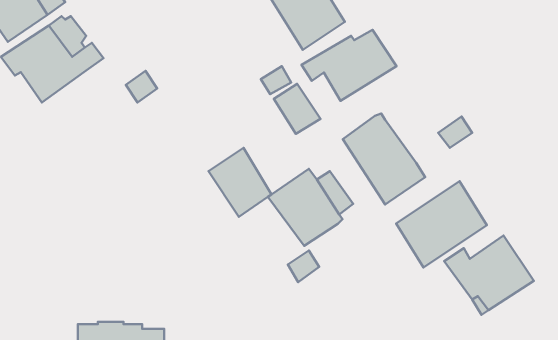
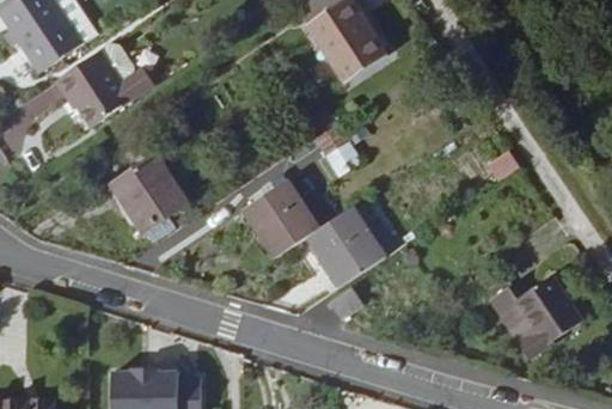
building: [301,30,397,101] -> none
building: [343,114,425,205] -> none
building: none -> [109,153,185,230]
building: [396,181,487,267] -> none

